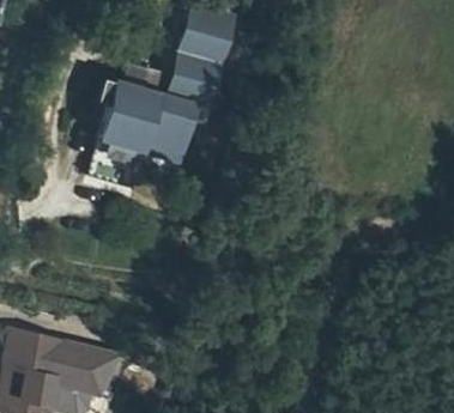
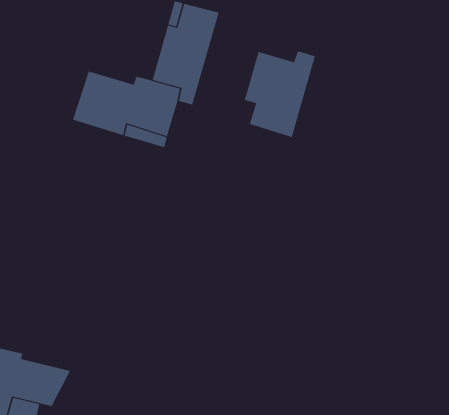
building: none -> [244,51,316,138]

